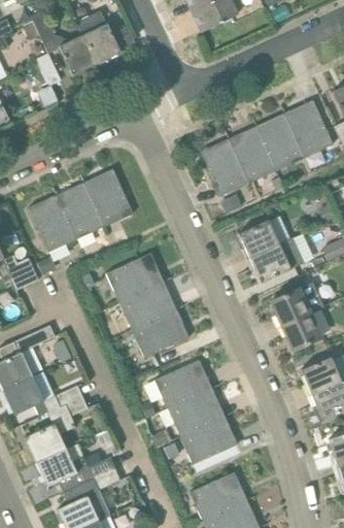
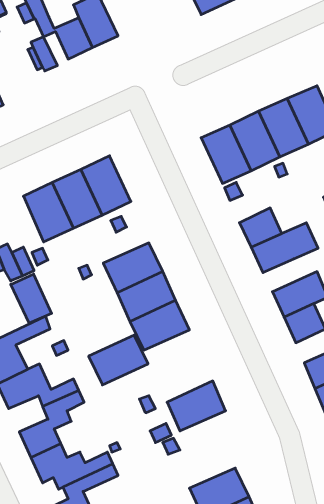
building: none -> [11,274,52,323]
building: [154,359,212,407] -> [89,335,148,385]
building: [180,416,238,463] -> none

